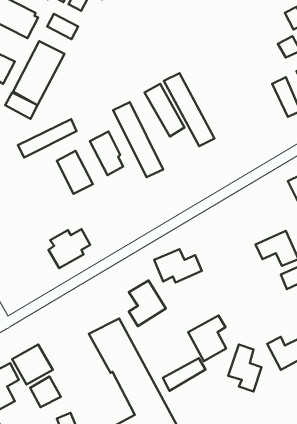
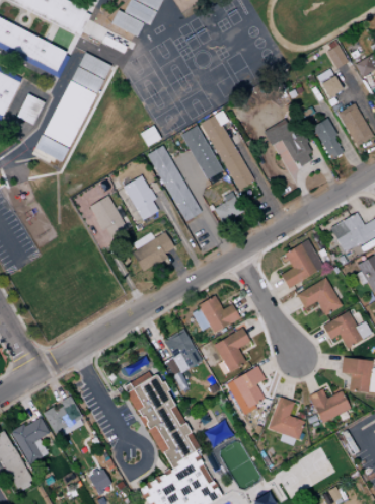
building: none -> [71,66,104,92]
building: none -> [265,118,314,174]
building: [18,119,77,158] -> none
building: none -> [213,190,244,223]
building: none -> [281,239,323,287]
building: [48,229,90,268] -> [131,231,174,272]
building: none -> [213,329,249,374]
building: [163,358,205,391] -> none
building: [30,377,61,407] -> none

